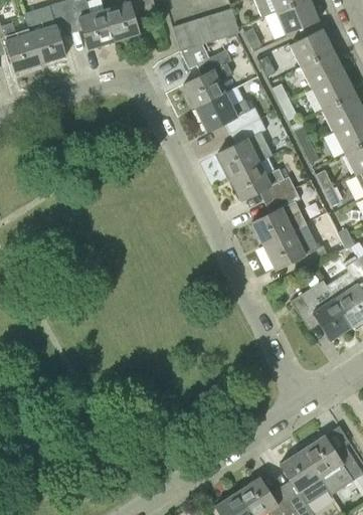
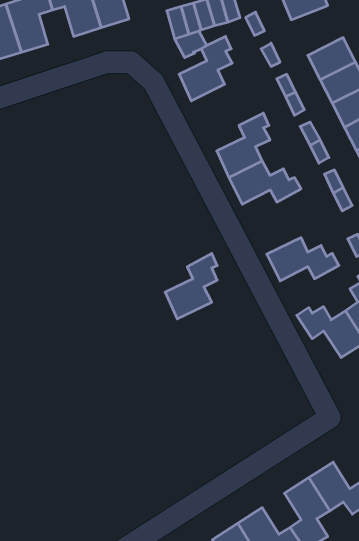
building: [290,29,333,67] -> none
building: [195,94,260,133] -> none
building: [252,188,300,247] -> [165,253,217,319]

